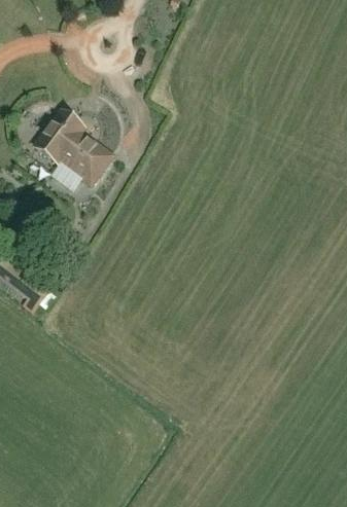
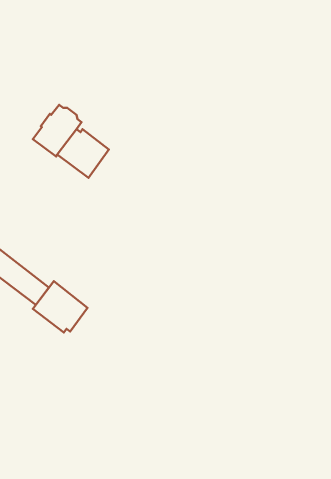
building: none -> [33,281,87,332]

